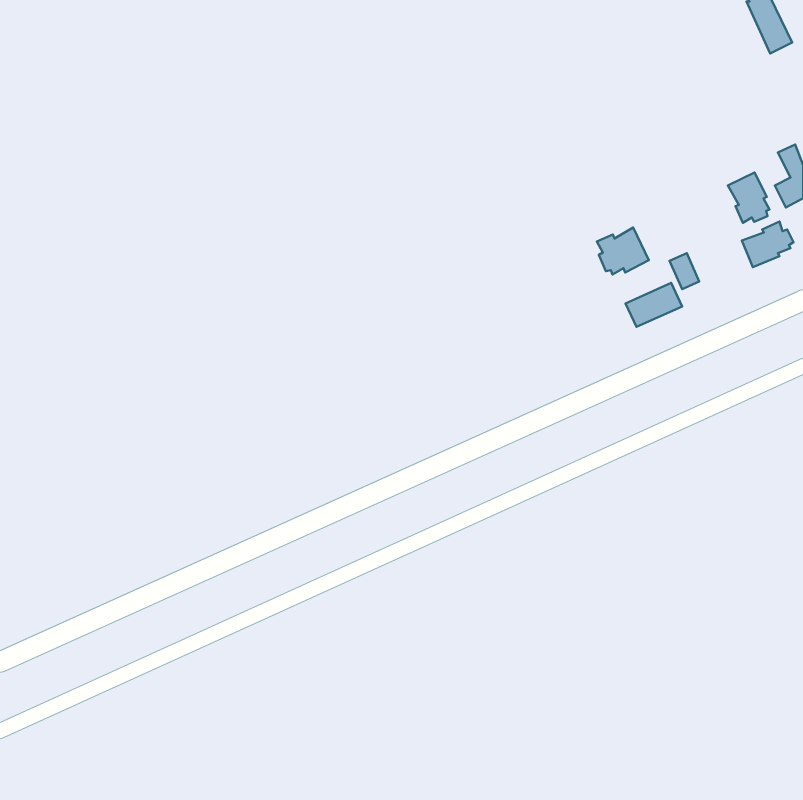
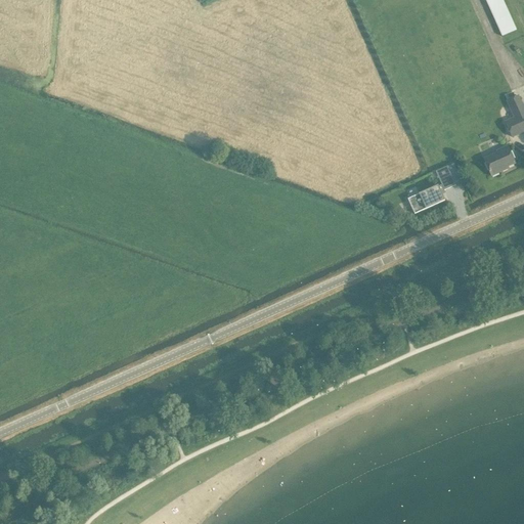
building: [728,172,770,223] -> none
building: [597,227,649,274] -> none

